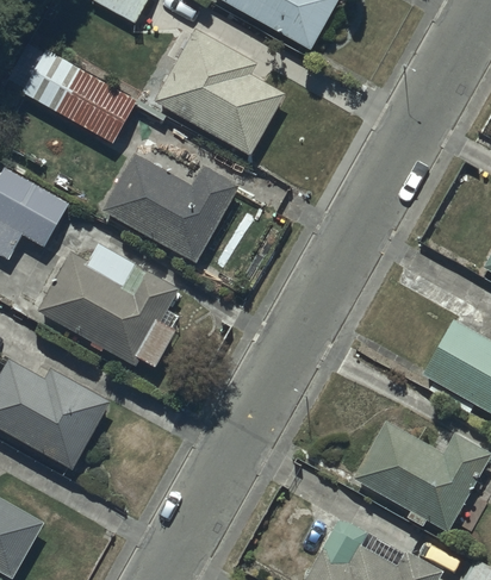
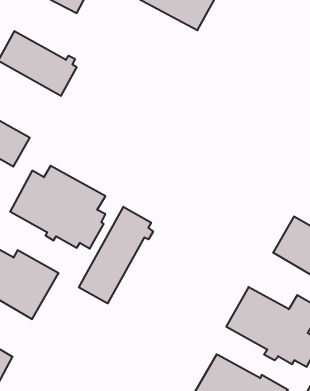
building: [154,29,284,155] -> none
building: [102,154,240,262] -> none
building: none -> [79,207,153,303]

